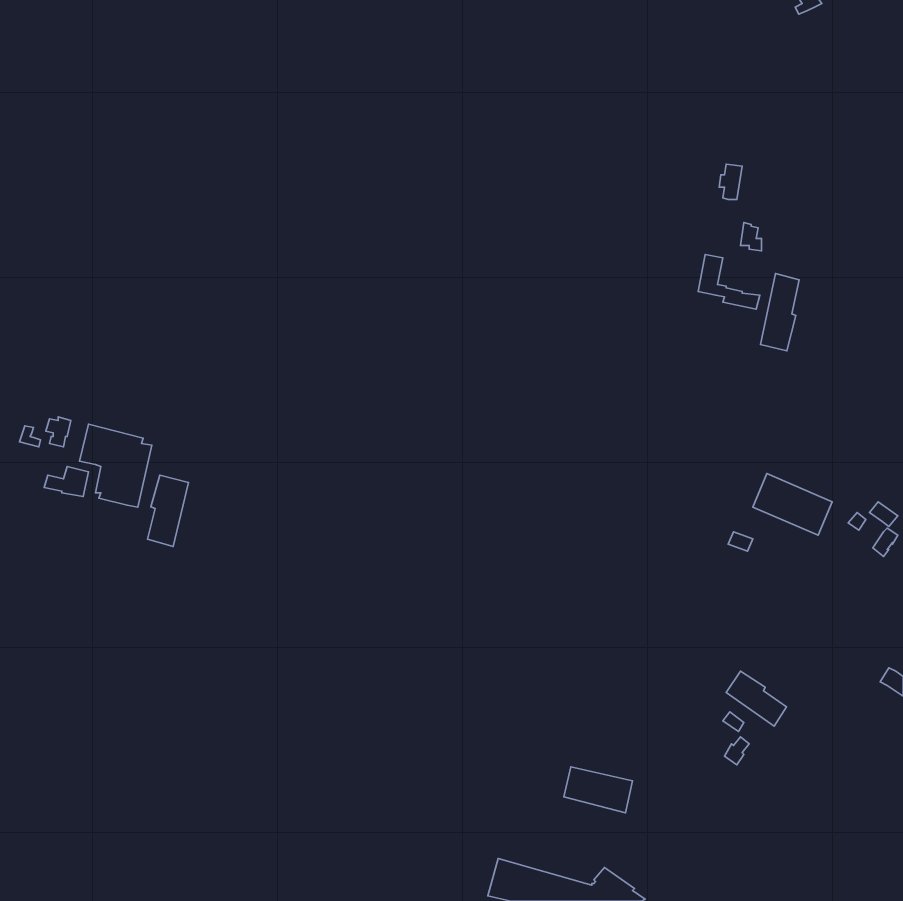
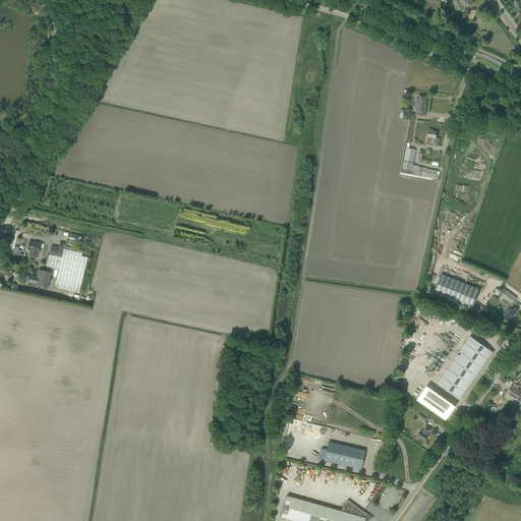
building: [760,274,799,351] -> none
building: [148,475,188,546] -> none
building: none -> [443,339,493,397]

